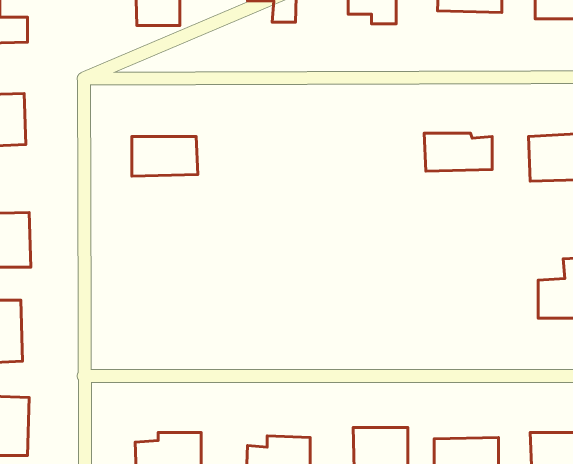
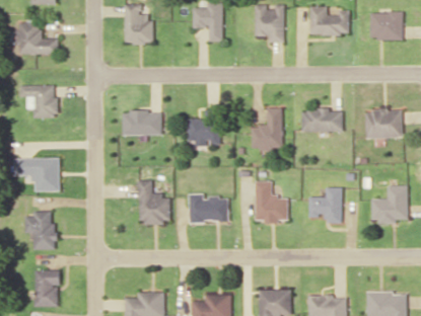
building: none -> [252,106,283,149]
building: none -> [187,108,220,145]
building: none -> [138,179,170,223]
building: none -> [256,180,288,221]
building: none -> [308,186,343,223]
building: none -> [189,193,228,222]

